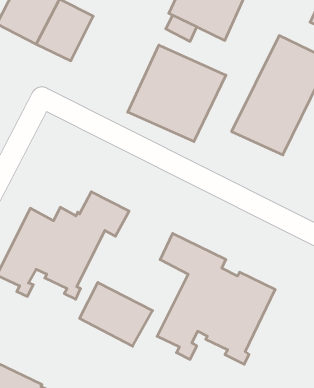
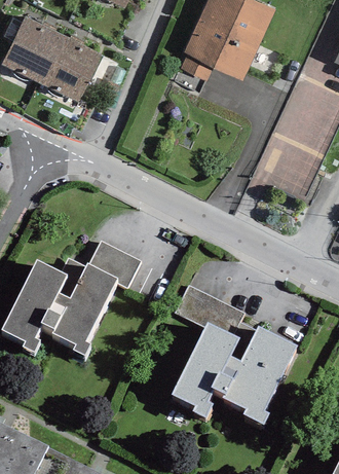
building: [128,45,226,142] -> none
building: [80,282,153,346] -> none

